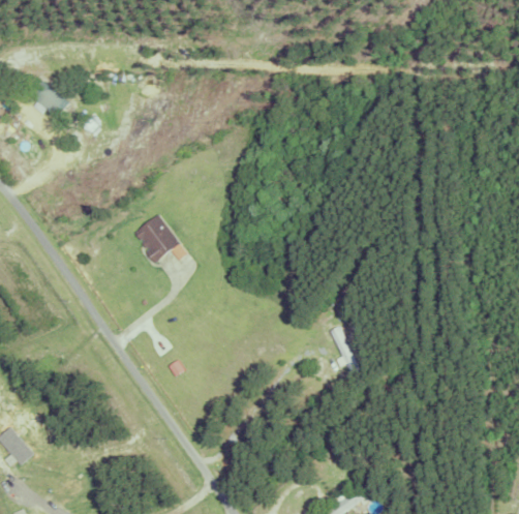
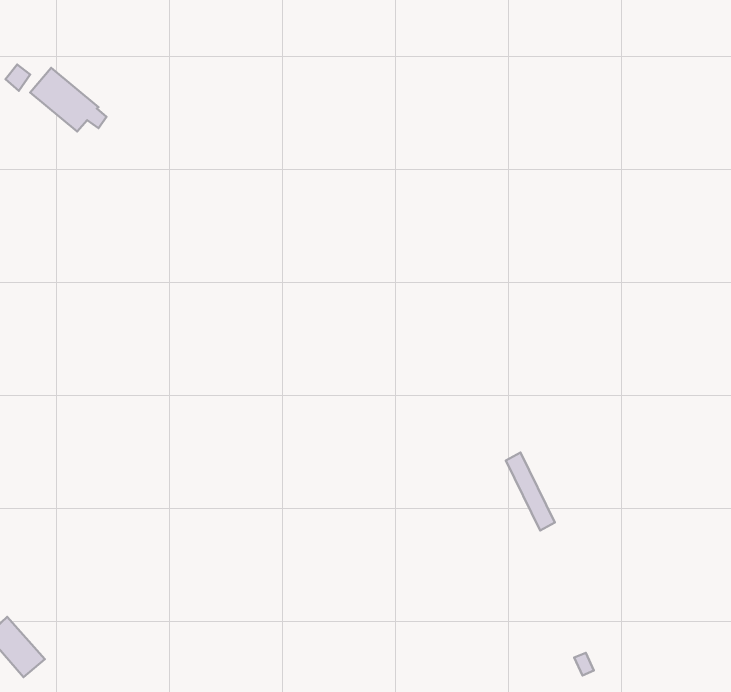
building: [133,214,179,264] -> none

